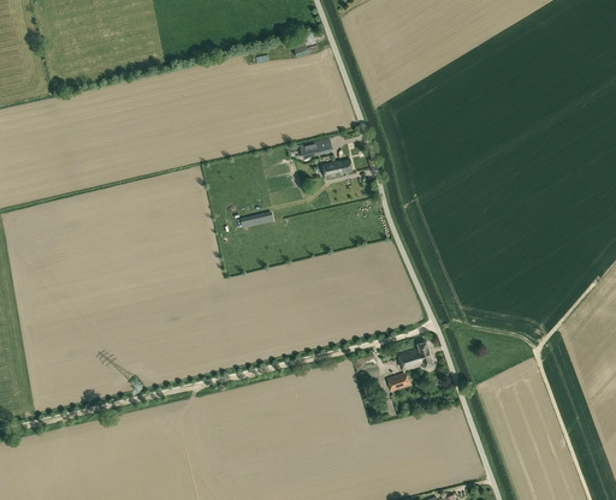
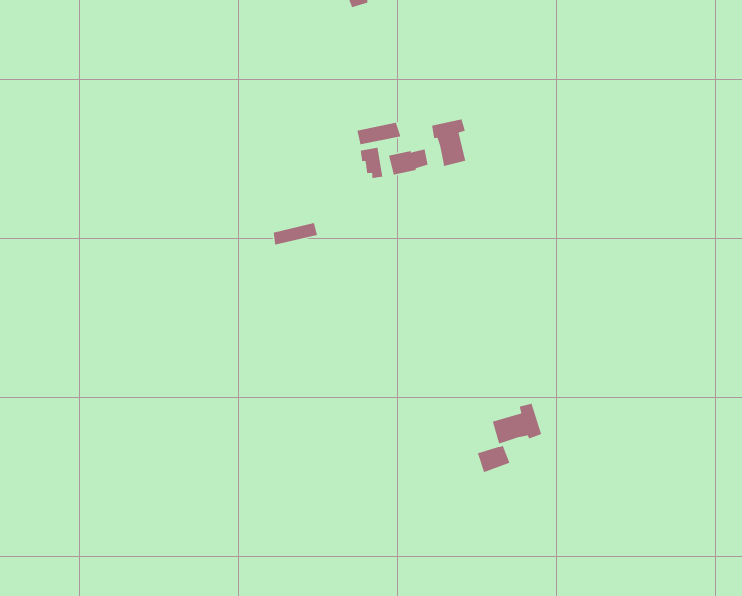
building: none -> [431,118,466,167]

